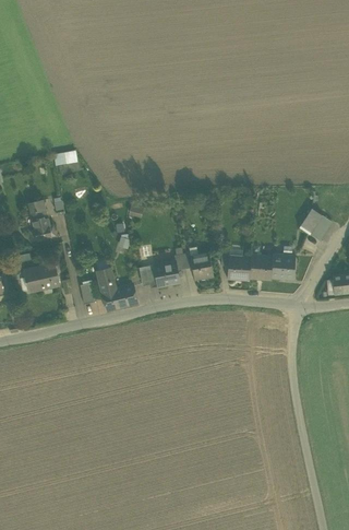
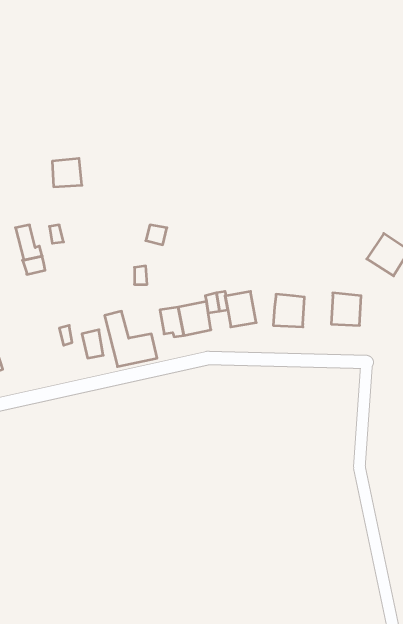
building: [249,254,272,279] -> none
building: [25,263,58,288] -> none

